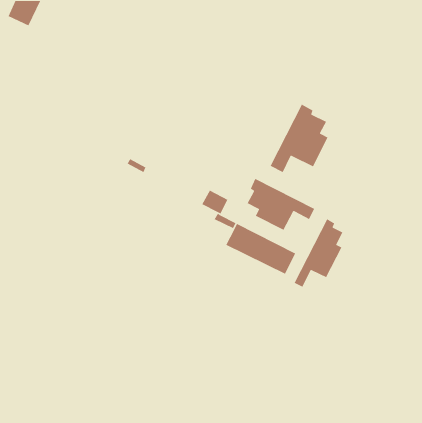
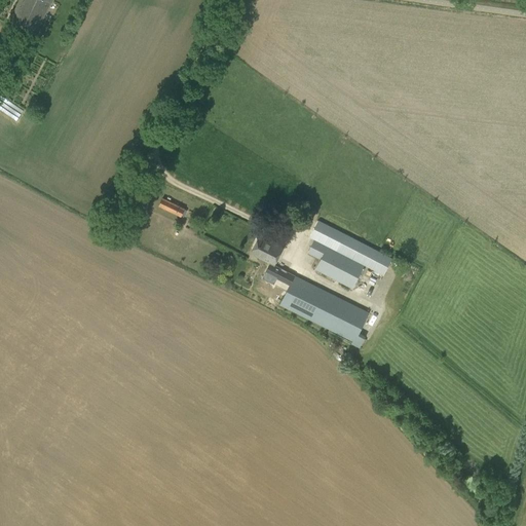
building: [270,103,329,173] -> none
building: [294,218,344,288] -> none

